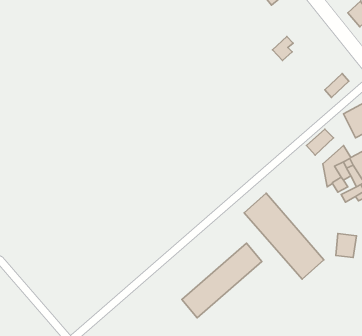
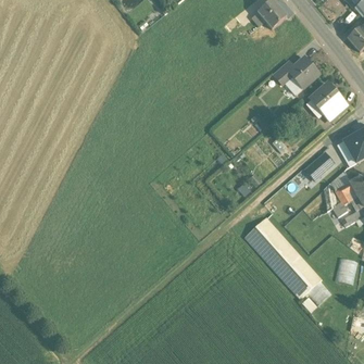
building: none -> [288,57,318,87]
building: none -> [311,83,342,113]
building: [182,243,262,318] -> none

